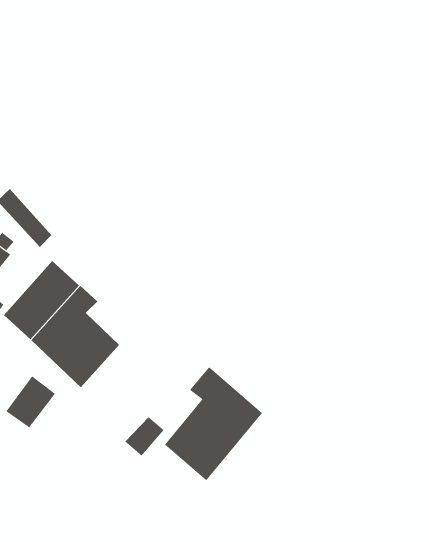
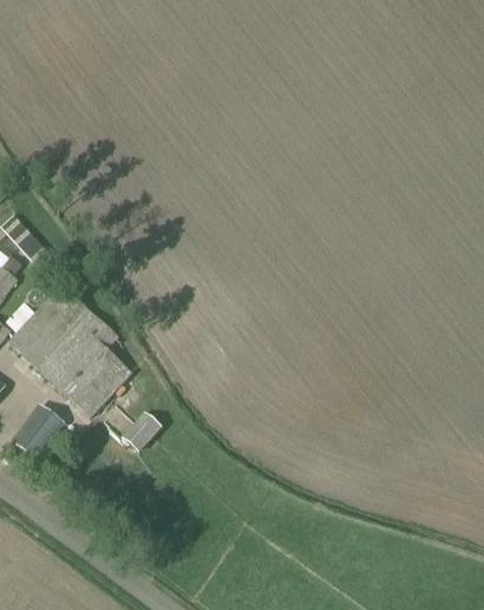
building: [164,367,263,481] -> none
building: [125,417,165,456] -> [119,412,161,454]

